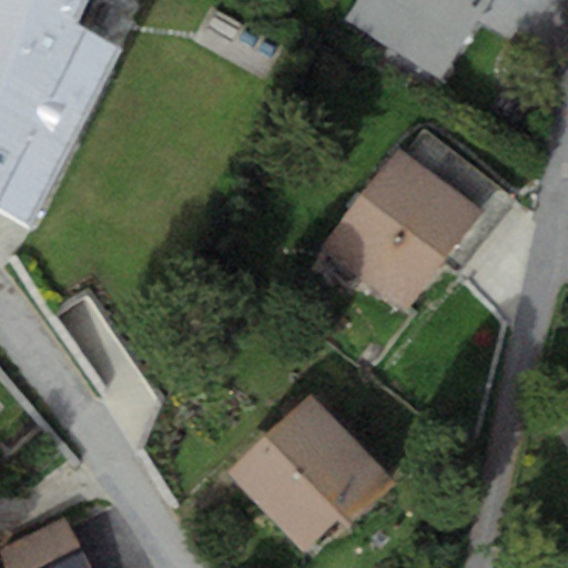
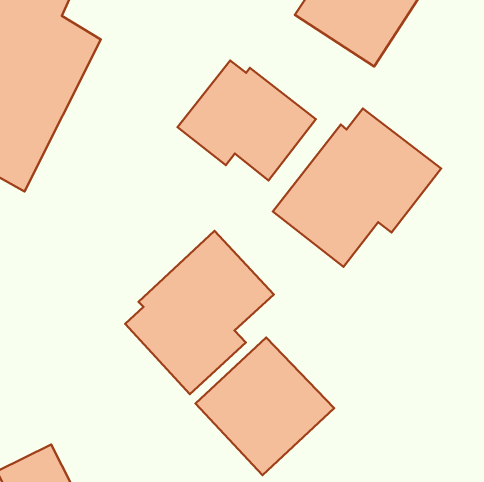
building: none -> [177,60,316,180]
building: none -> [125,231,274,394]

